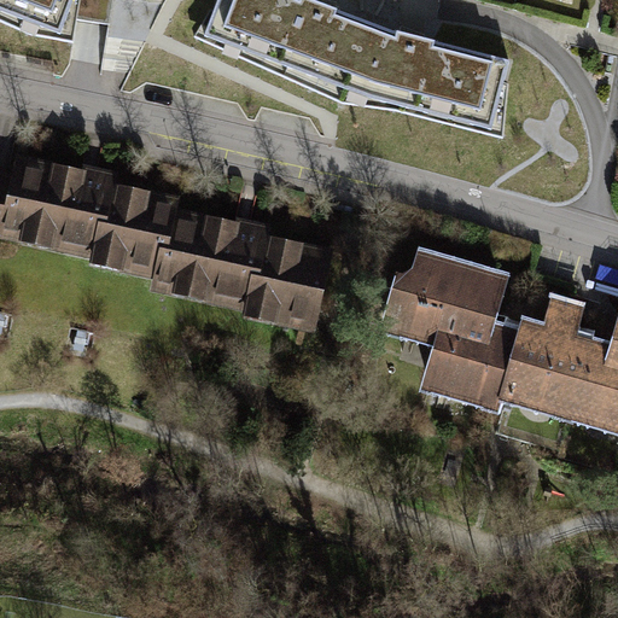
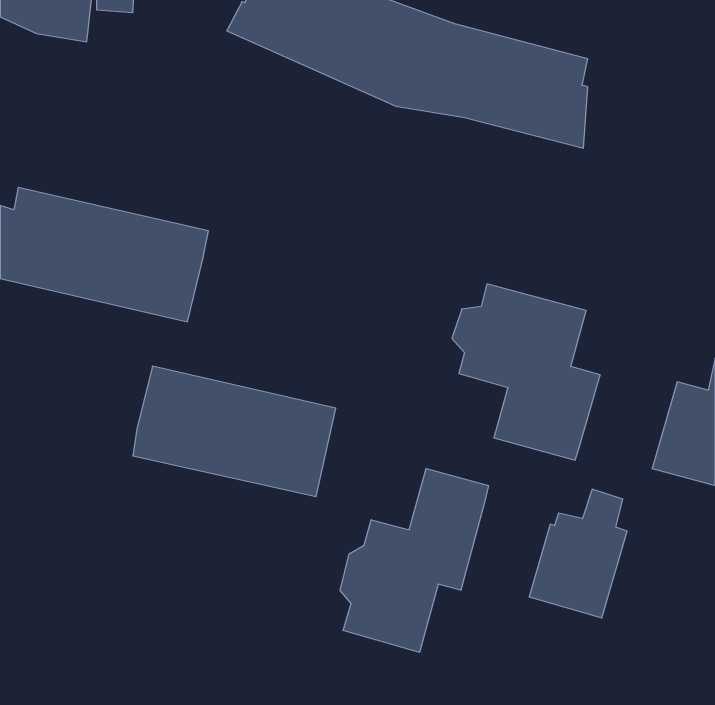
building: [158,223,333,336] -> [133,366,336,496]
building: [500,293,584,404] -> [529,489,627,618]
building: none -> [340,468,489,652]

